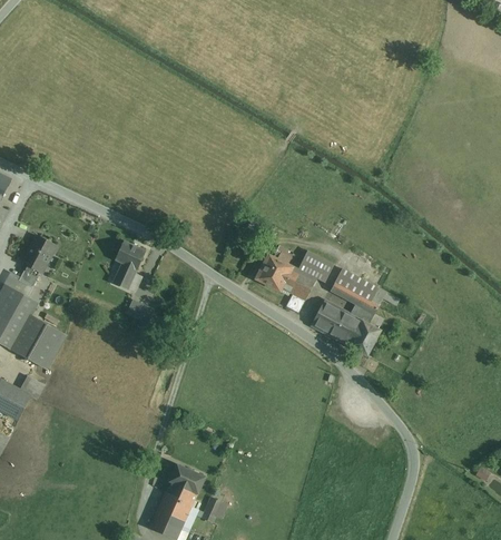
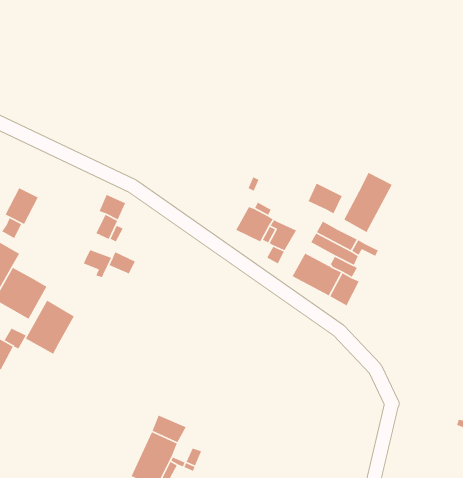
building: none -> [343,172,393,233]
building: [297,251,333,283] -> [307,183,343,215]
building: none -> [83,249,112,278]
building: none -> [25,300,75,355]

